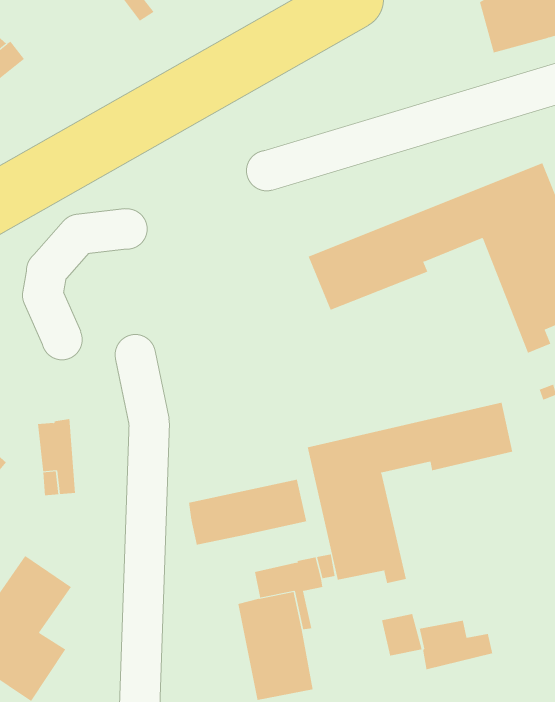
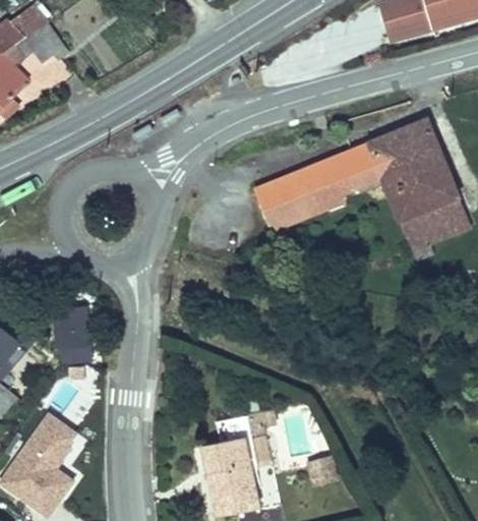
building: [307,402,513,584] -> none
building: [188,479,307,546] -> none
building: [419,620,493,670] -> none

